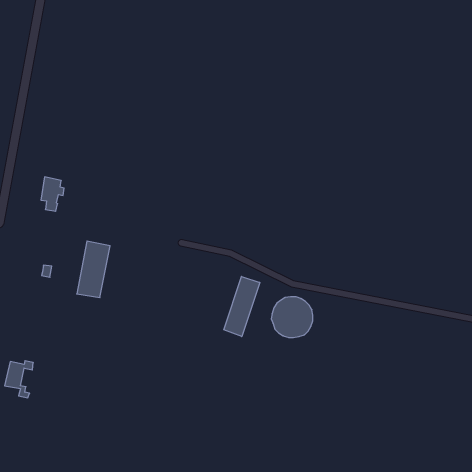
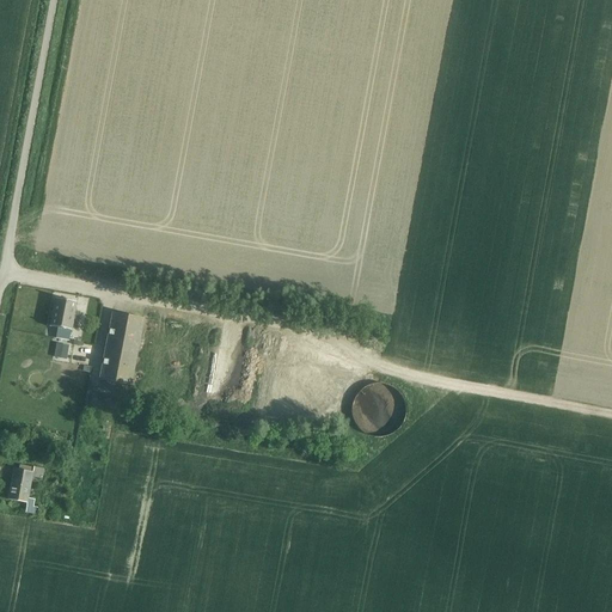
building: [41,177,64,211] -> [49,295,79,339]
building: [224,276,260,337] -> none

